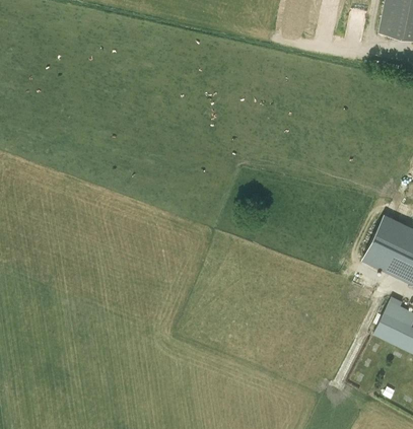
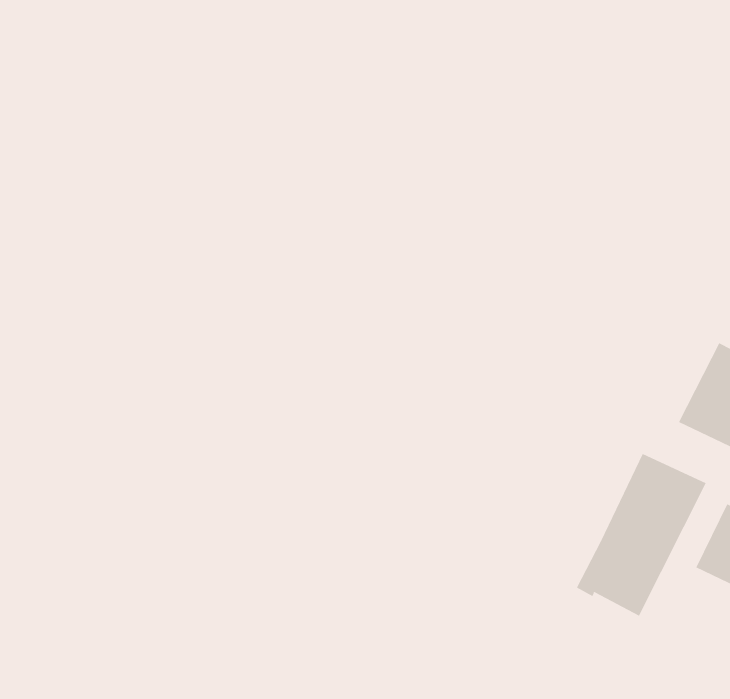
building: none -> [576,453,706,616]

